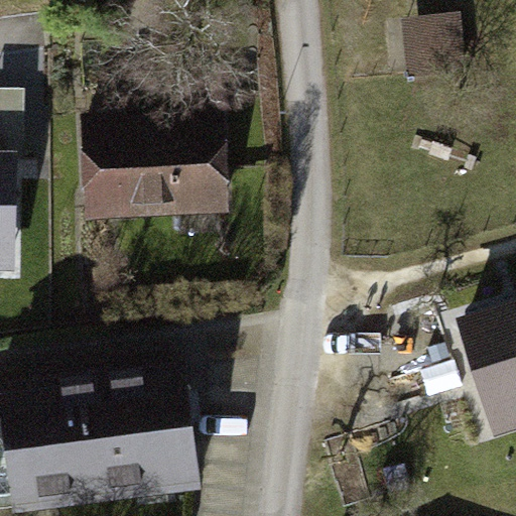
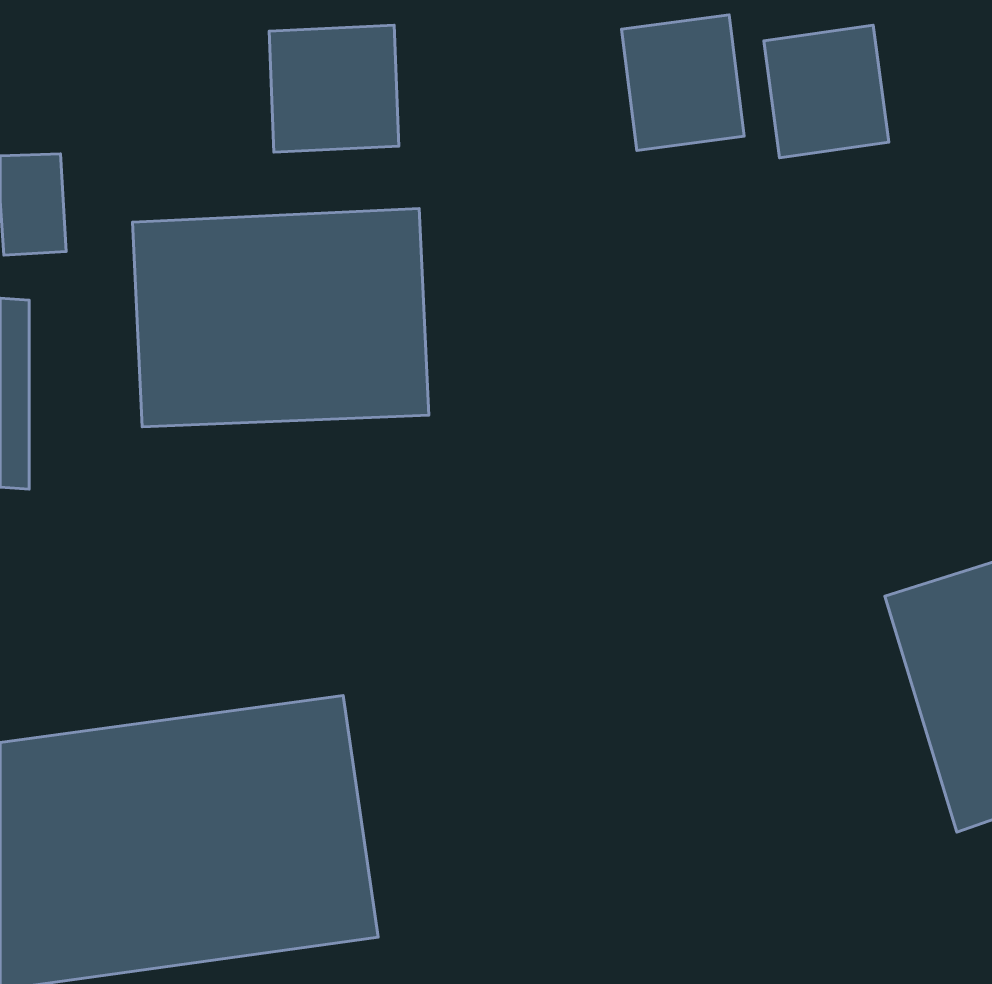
building: none -> [621,15,744,150]
building: none -> [269,25,399,152]

